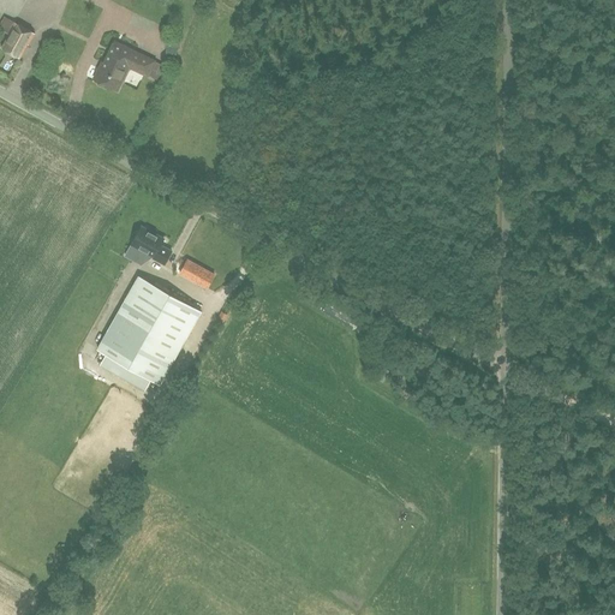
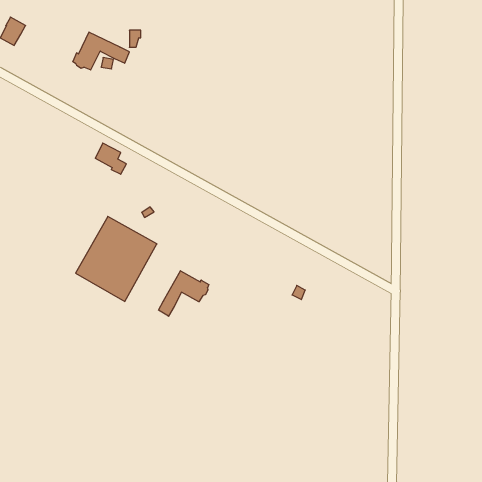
building: [130,226,169,265] -> [95,143,126,174]
building: none -> [159,271,209,316]

